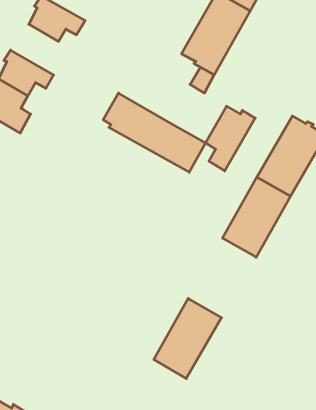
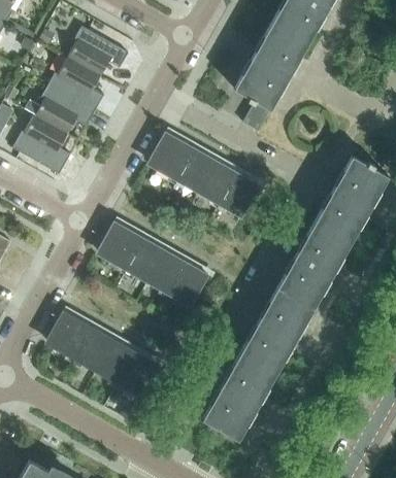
building: none -> [48,57,103,111]
building: [205,106,255,171] -> none
building: none -> [98,220,208,306]
building: none -> [240,287,314,373]
building: none -> [46,310,158,396]

